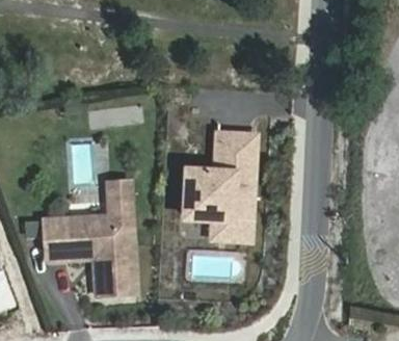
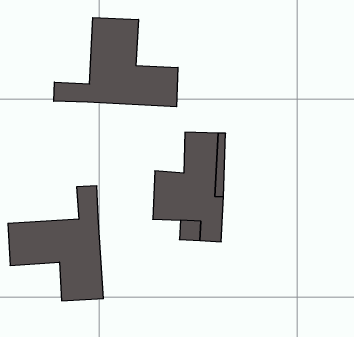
building: none -> [54,18,178,107]

